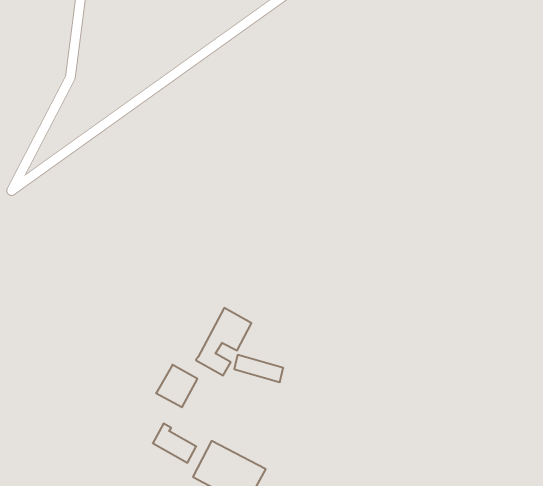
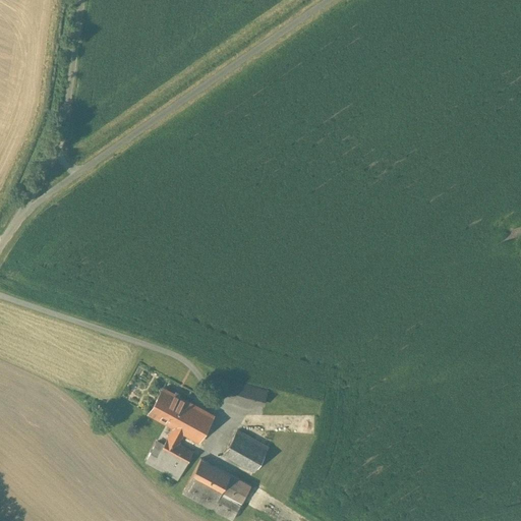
building: [196,308,251,375] -> [162,402,214,465]
building: none -> [225,431,269,472]

